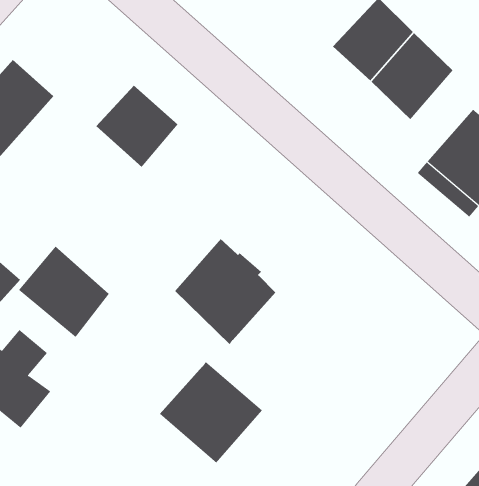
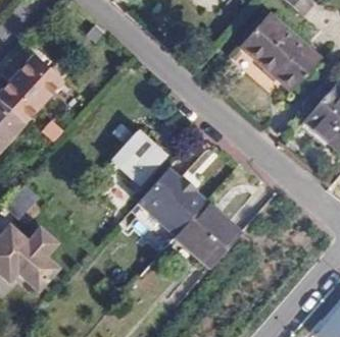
building: [95,85,179,168] -> [113,129,166,182]
building: [18,246,110,338] -> none
building: [159,361,263,463] -> [177,201,243,266]

